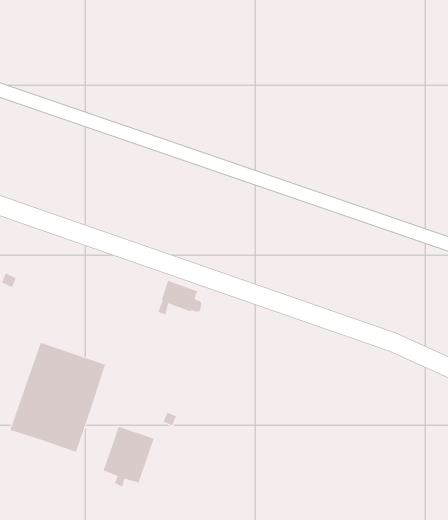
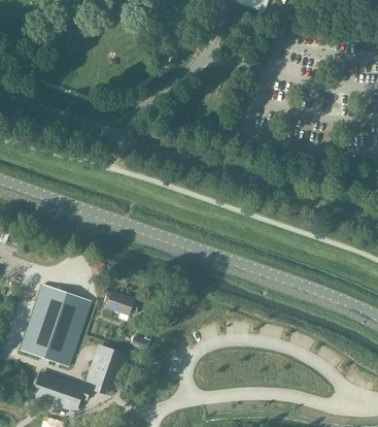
building: [158,280,202,315] -> [103,291,136,317]
building: none -> [32,373,87,409]

